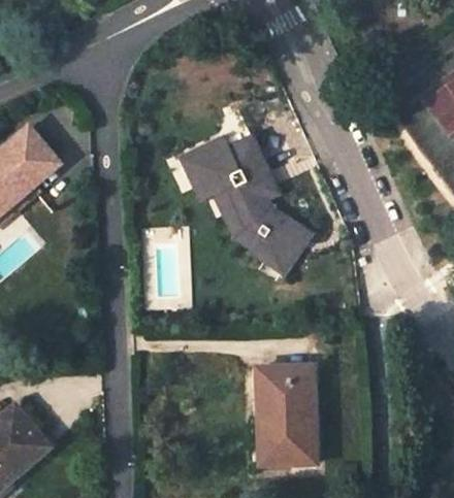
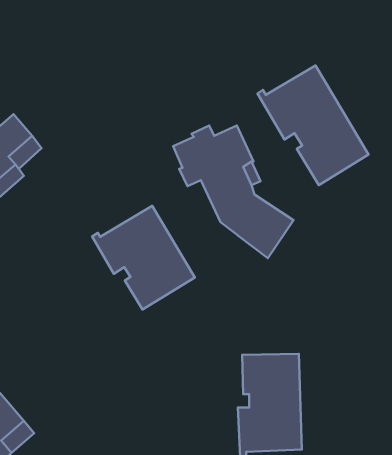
building: none -> [258,65,369,185]
building: none -> [92,206,195,310]

